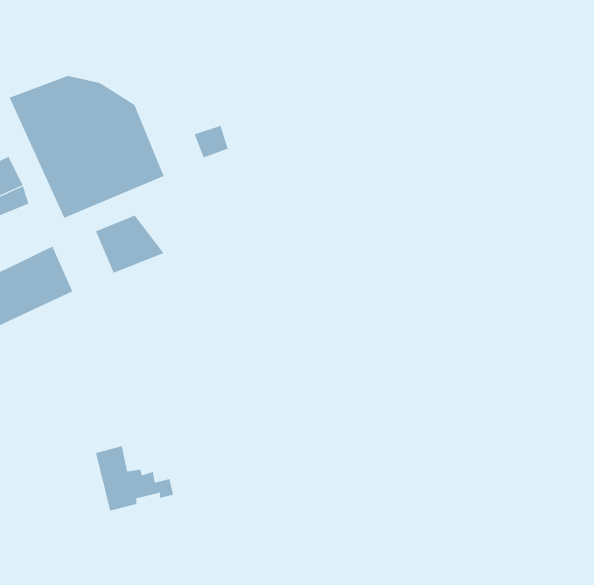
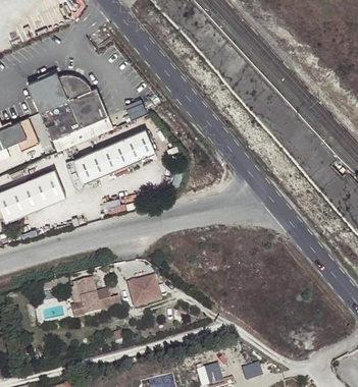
building: none -> [97,128,158,171]
building: none -> [127,279,158,307]

